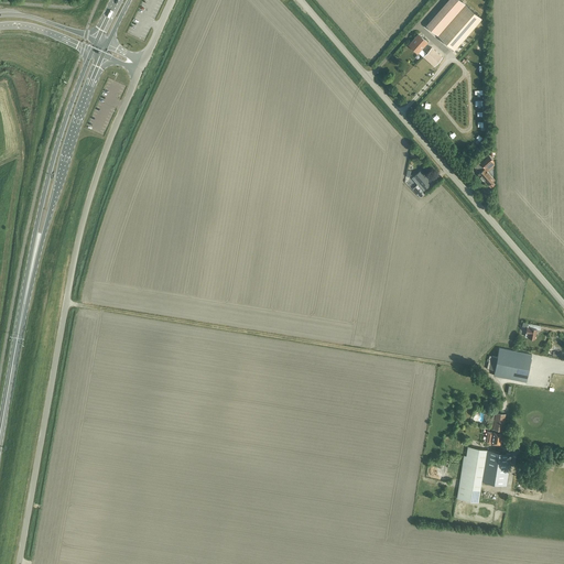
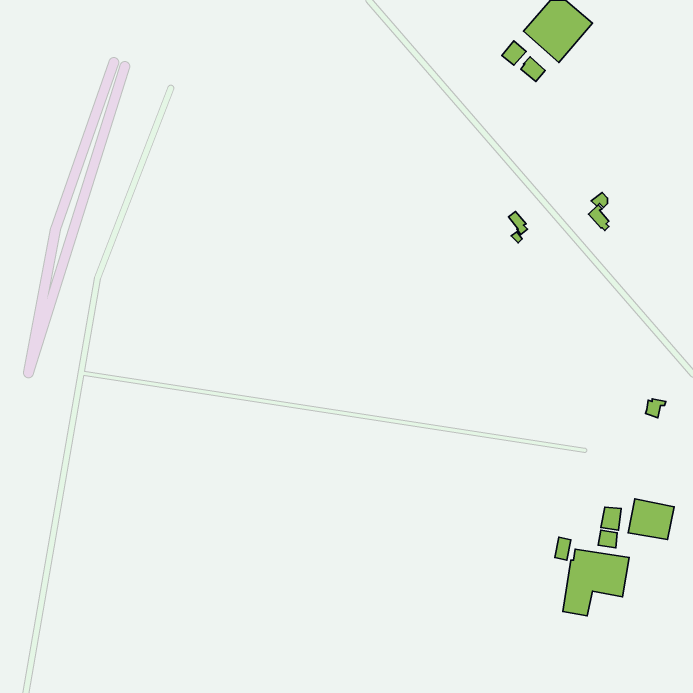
building: [494,348,531,381] -> [628,499,674,539]

